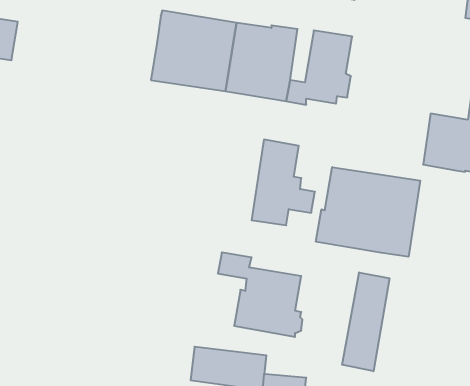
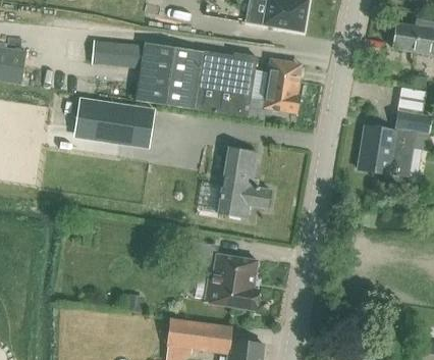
building: none -> [92,41,144,67]
building: none -> [75,98,155,142]
building: [316,167,420,257] -> none
building: [342,272,389,371] -> none

